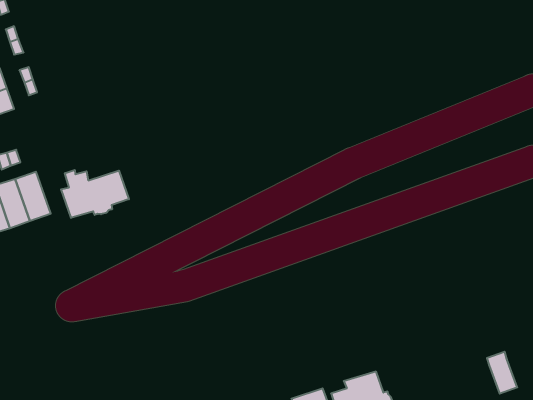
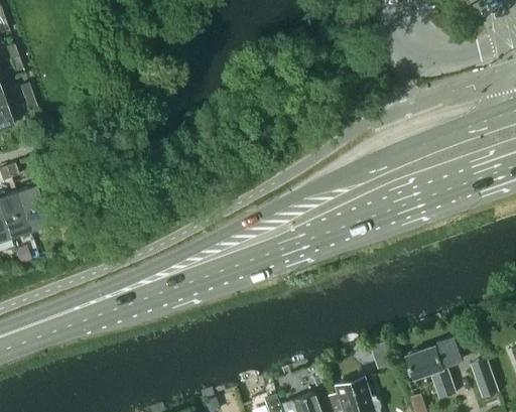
building: [61,170,129,218] -> none
building: none -> [406,339,459,399]

